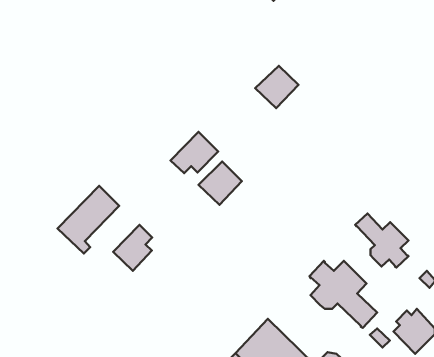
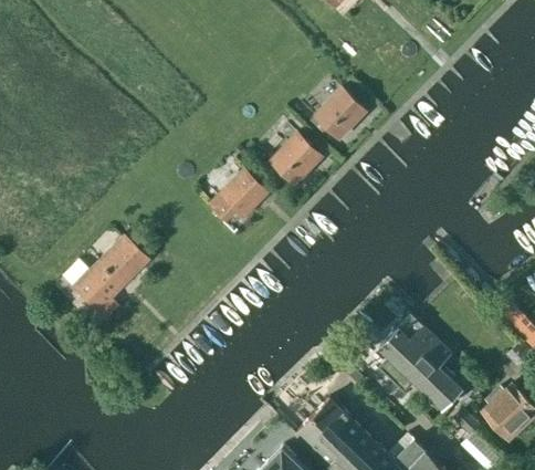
building: [199,161,242,205] -> [271,133,324,186]
building: [355,213,409,267] -> none
building: [113,225,152,271] -> none

